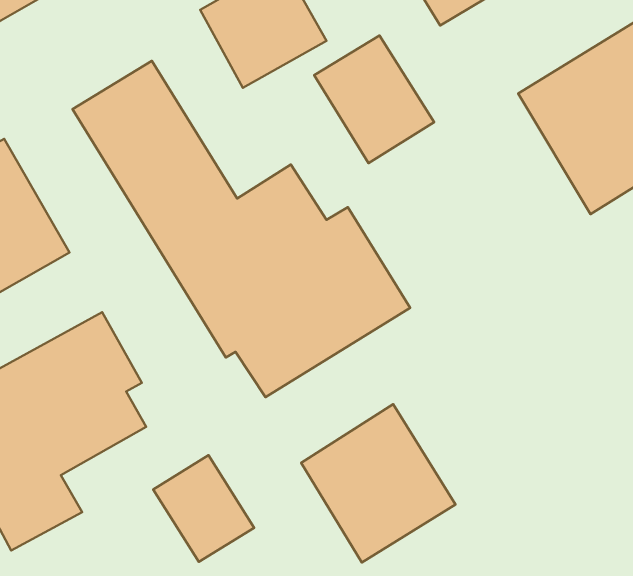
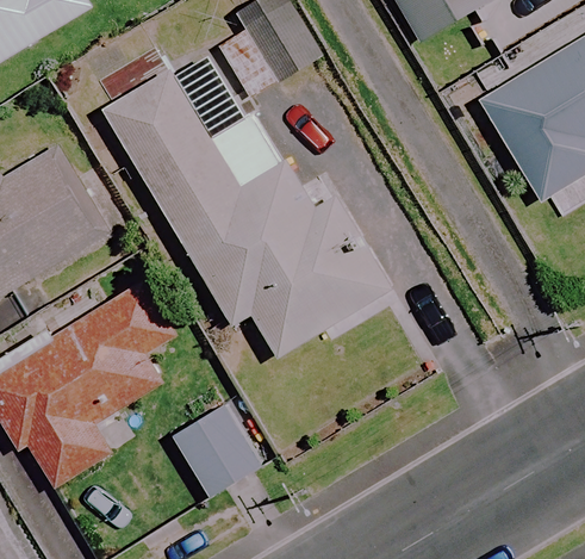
building: [314,36,434,163] -> none
building: [301,404,456,562] -> none

